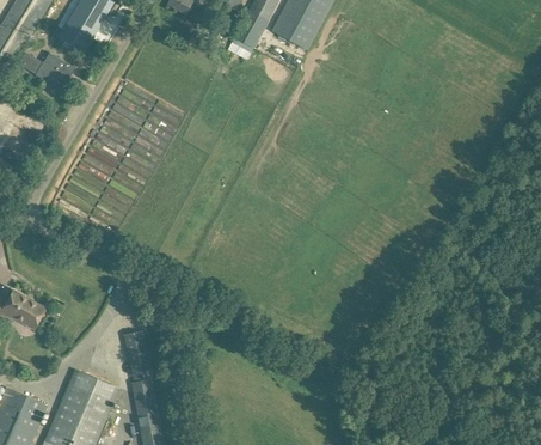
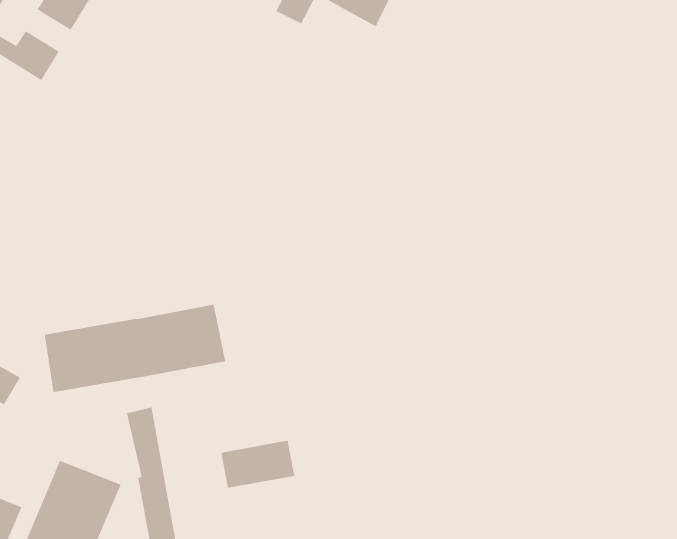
building: none -> [44,304,226,393]
building: none -> [221,440,295,489]

